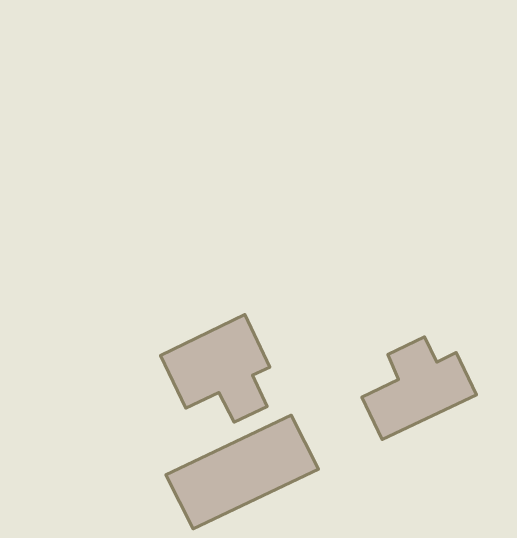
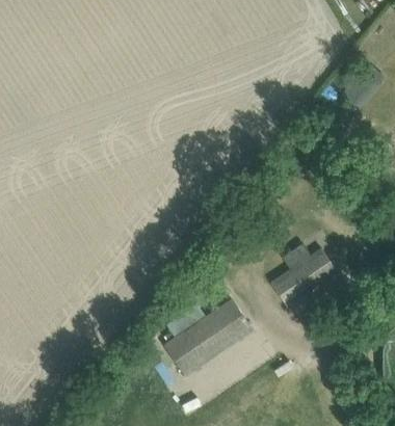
building: [161,314,270,422] -> none

